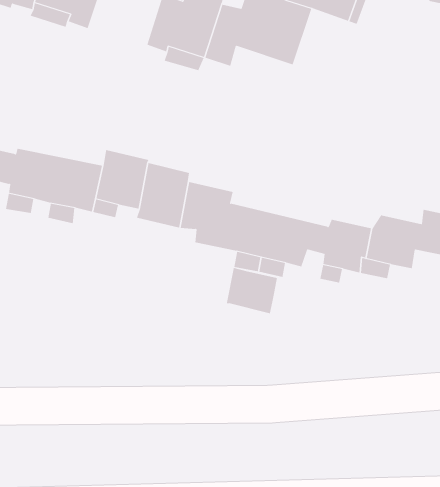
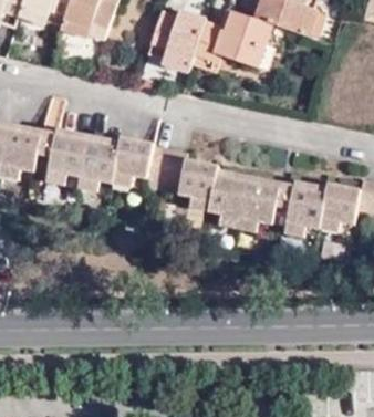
building: [226,267,277,314] -> none

